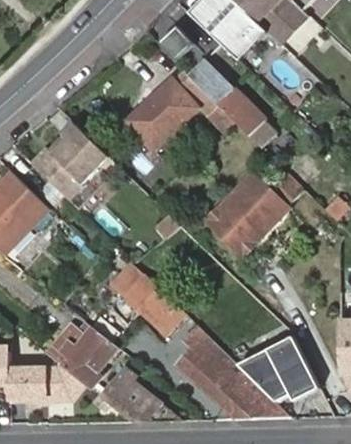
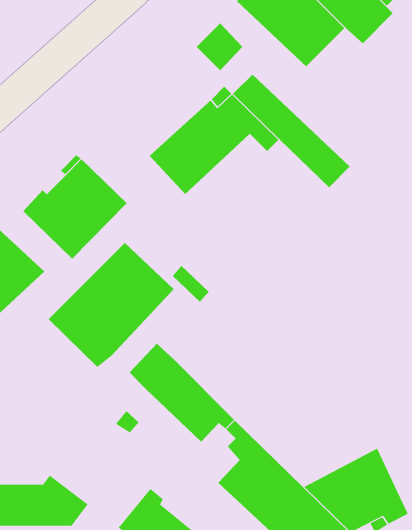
building: [207,173,303,253] -> none
building: none -> [48,242,175,368]
building: [45,325,113,390] -> none

